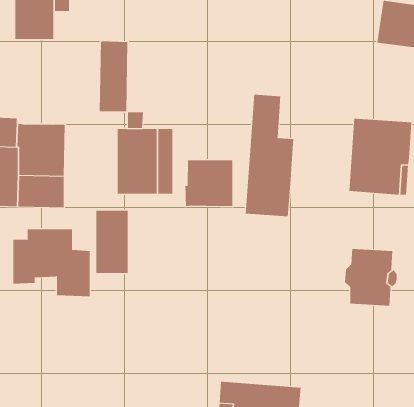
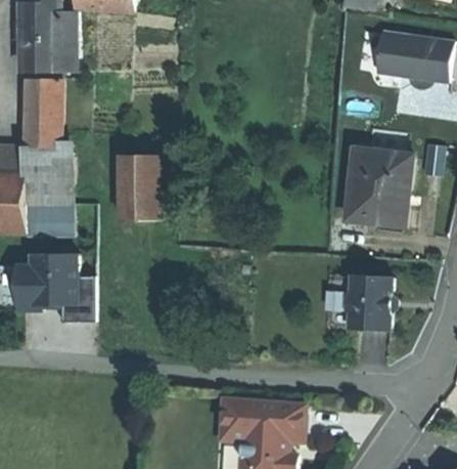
building: [99,41,128,112] -> [30,79,58,148]
building: [245,94,294,217] -> none
building: [185,160,233,207] -> none
building: [96,210,128,274] -> none

